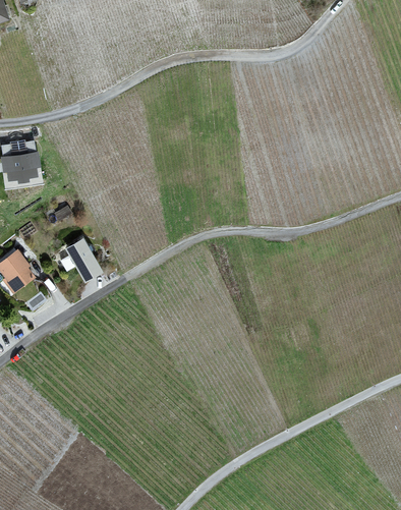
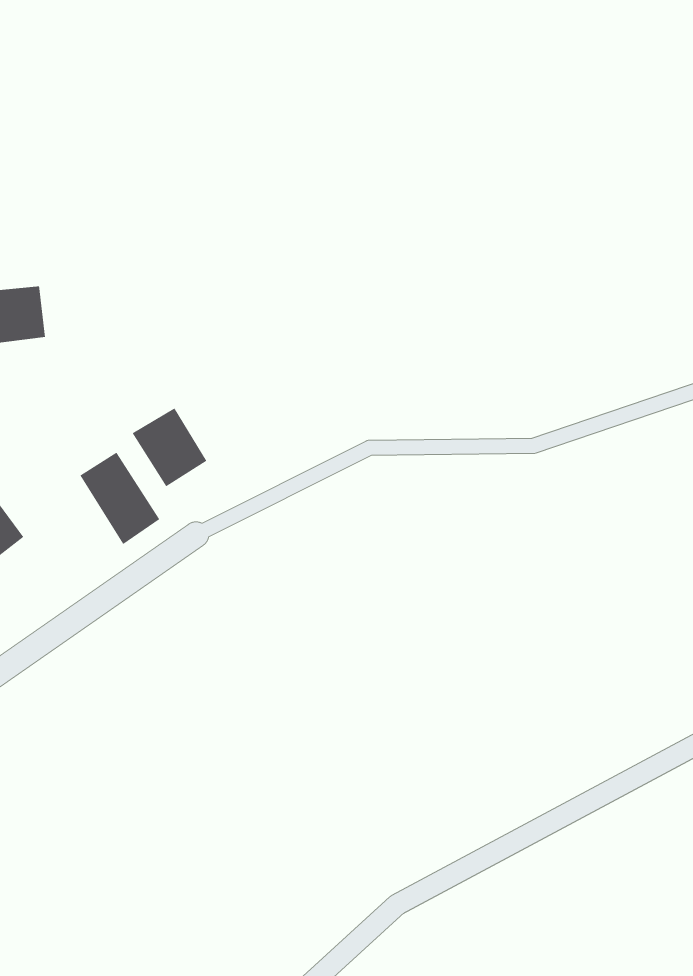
building: none -> [132,407,207,487]

